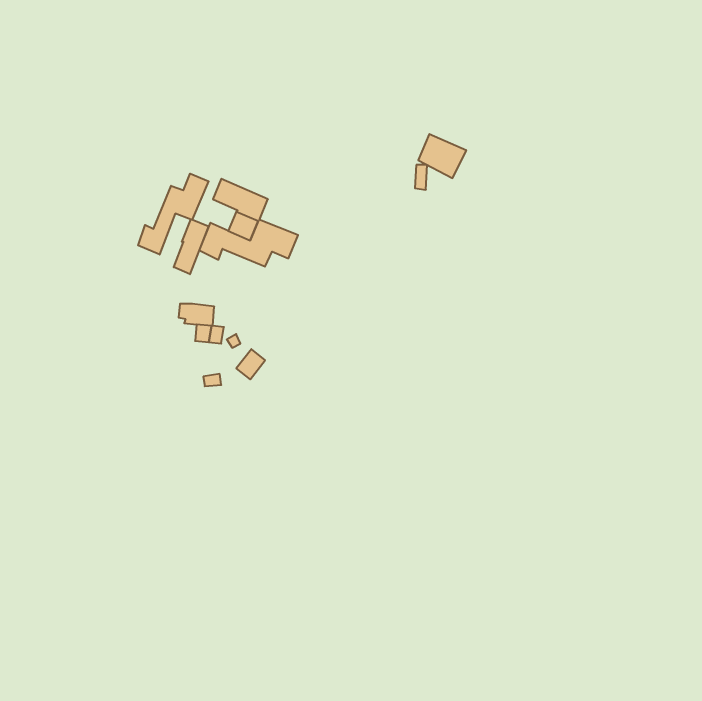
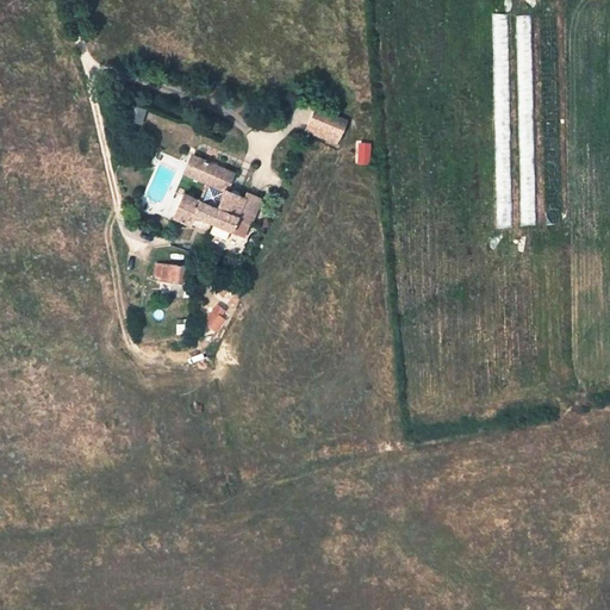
building: [418,134,466,178] -> [307,108,349,147]
building: [138,174,209,274] -> none

